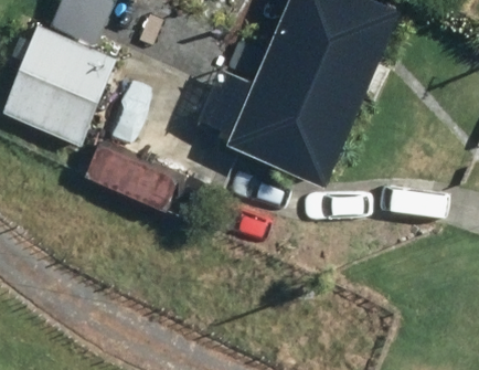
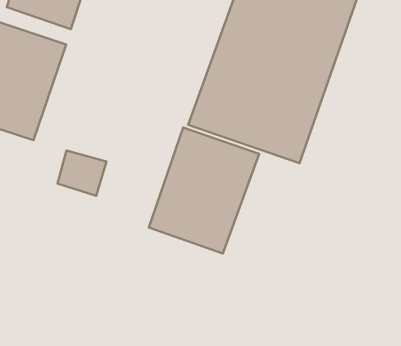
building: none -> [149,127,259,253]

